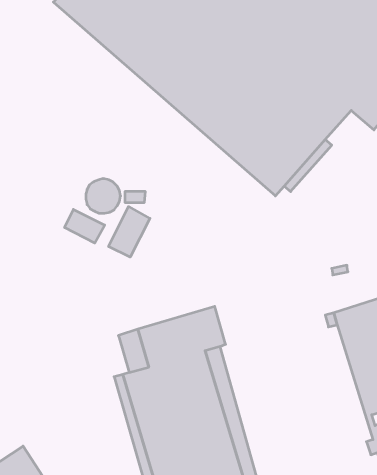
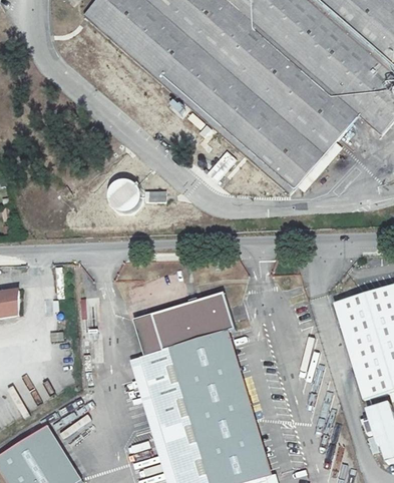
building: [109,207,150,257] -> none
building: [65,209,105,243] -> none

